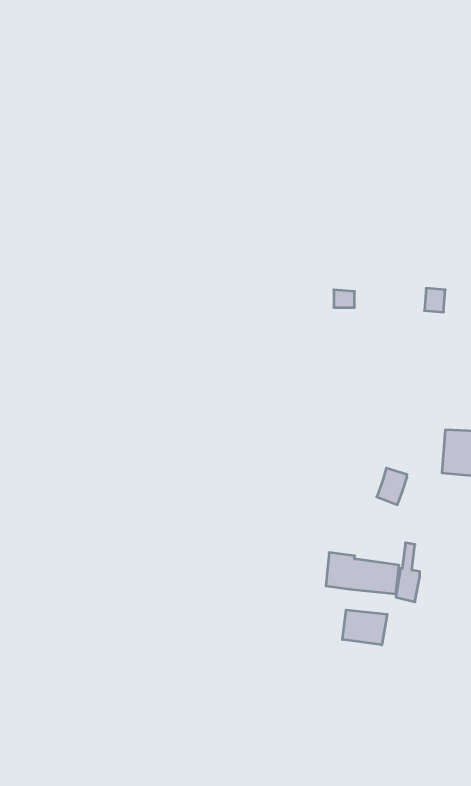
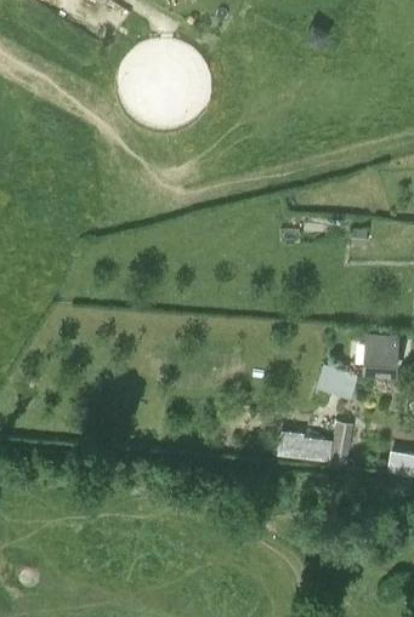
building: [342,610,387,645] -> none

